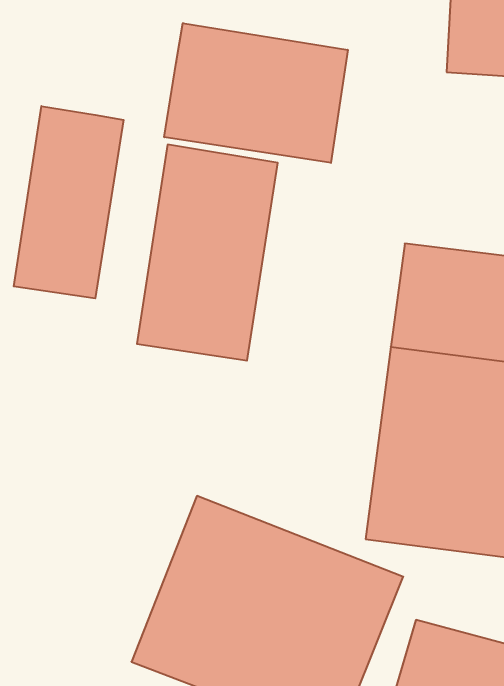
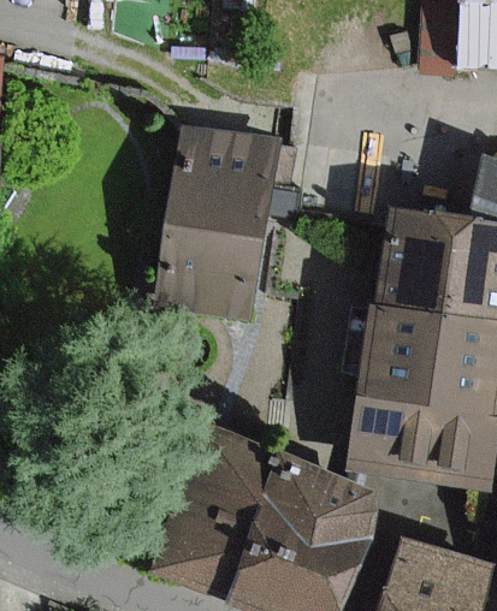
building: [164,23,348,163] -> none
building: [14,106,124,298] -> none

